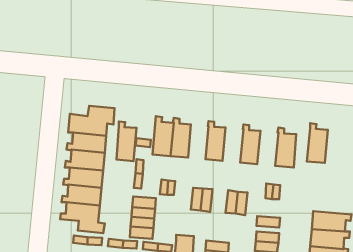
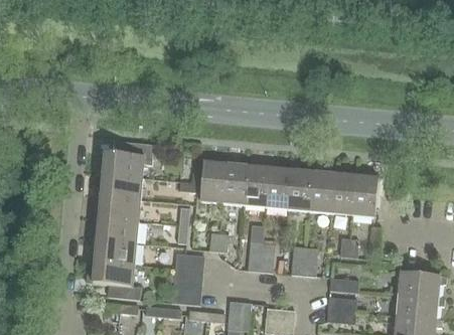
building: [116,121,137,161] -> [245,158,270,207]
building: none -> [287,162,313,211]
building: [307,123,328,163] -> [330,166,356,215]

